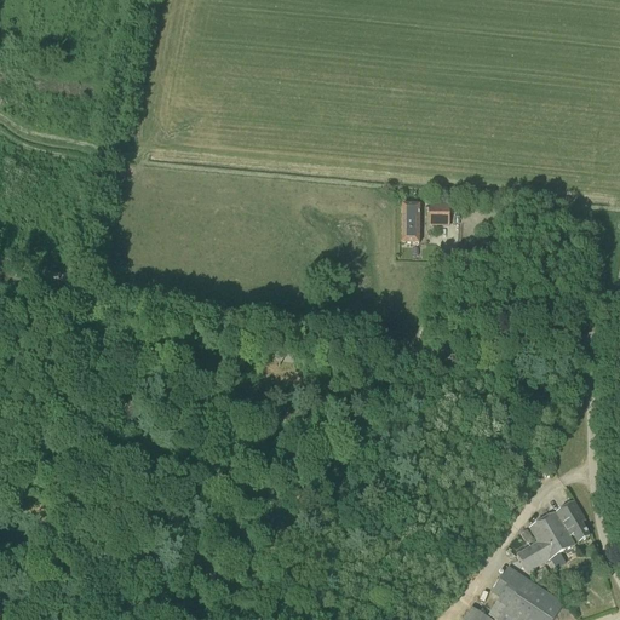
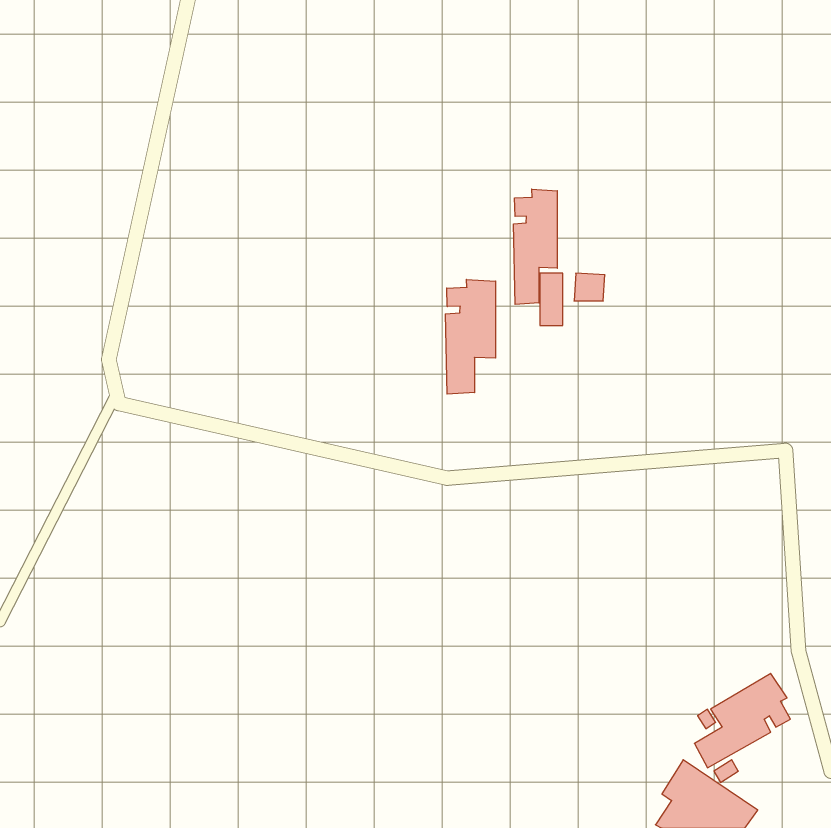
building: none -> [514,189,557,304]
building: none -> [445,279,496,394]

